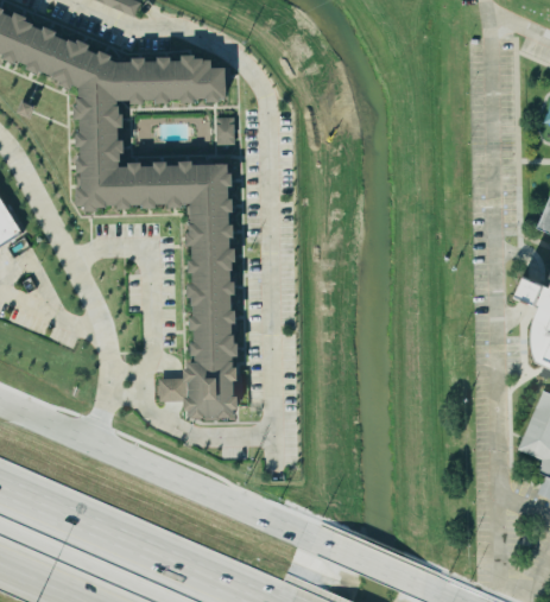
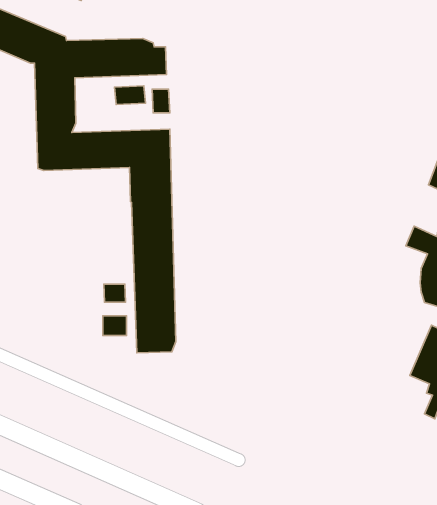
building: none -> [115,86,145,105]
building: none -> [104,284,125,302]

